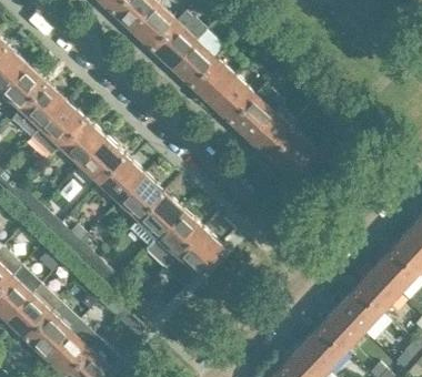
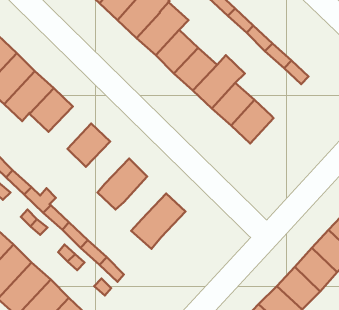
building: [79,140,123,184] -> none
building: [118,176,163,221] -> none
building: [147,213,202,269] -> none

